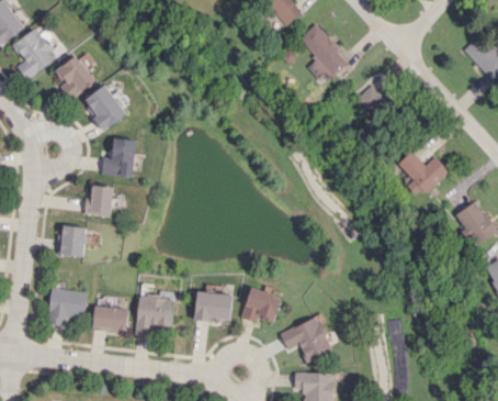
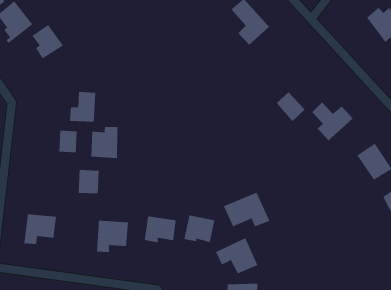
building: [83,85,126,131] -> none
building: [355,85,392,122] -> [276,92,306,122]
building: none -> [91,126,118,159]
building: [58,226,84,256] -> [78,170,100,194]
building: none -> [223,192,270,227]
building: [91,305,128,333] -> none

